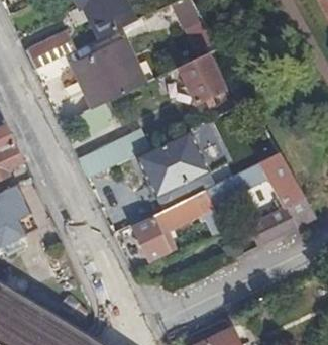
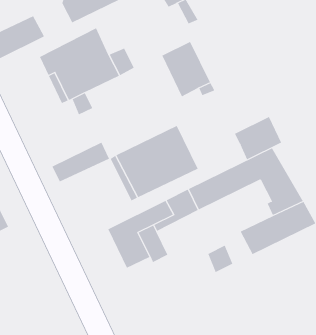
building: none -> [234,116,282,160]

